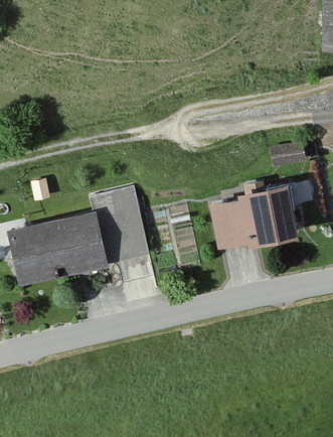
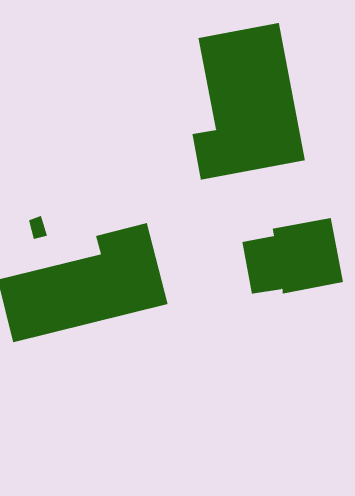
building: none -> [192,22,305,180]

